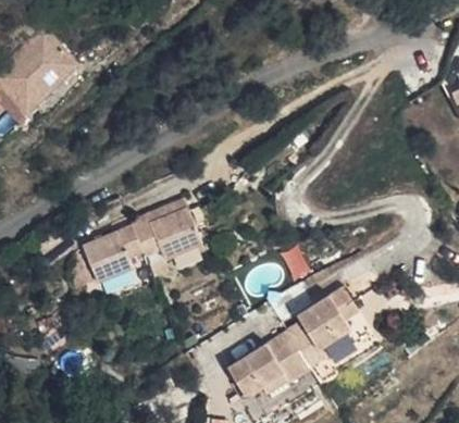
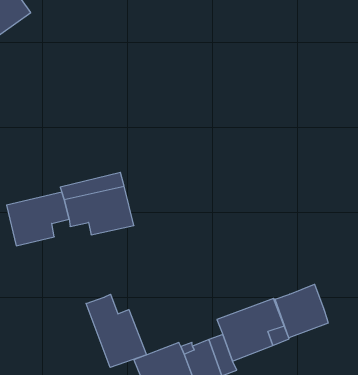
building: none -> [275,284,328,338]
building: none -> [86,294,146,367]

